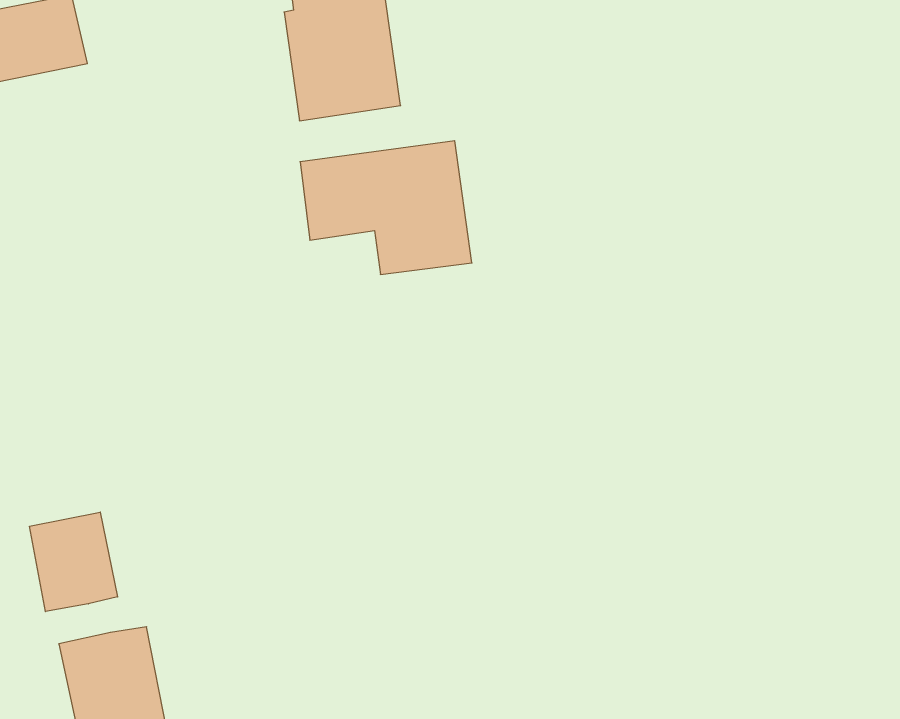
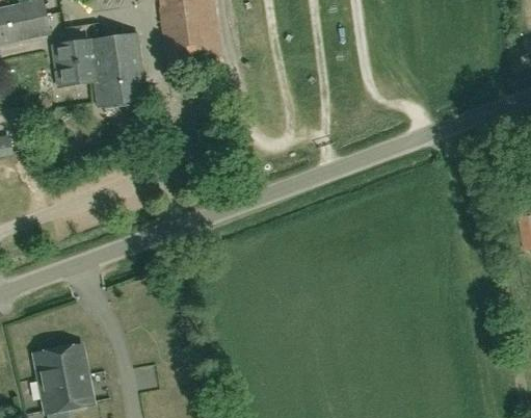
building: [300,141,472,274] -> [53,33,147,106]
building: [30,512,118,612] -> none

